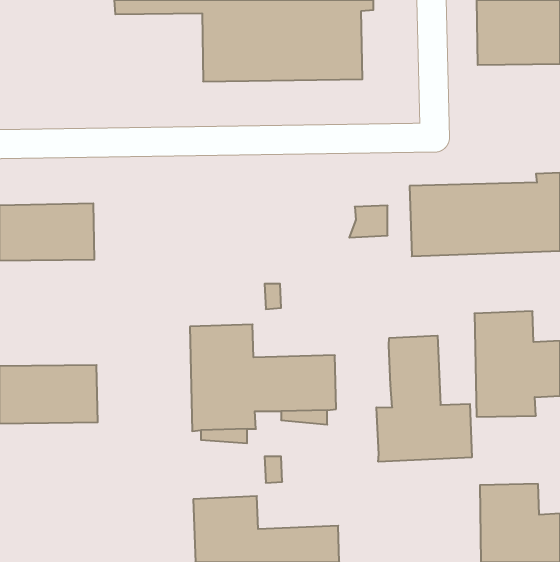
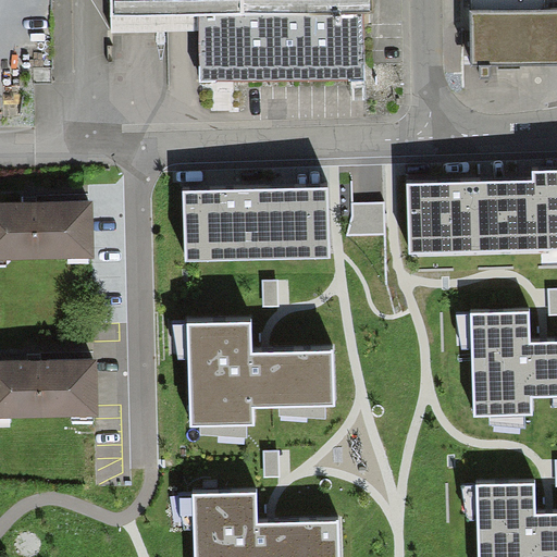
building: none -> [184,188,330,260]
building: [376,336,472,462] -> none

